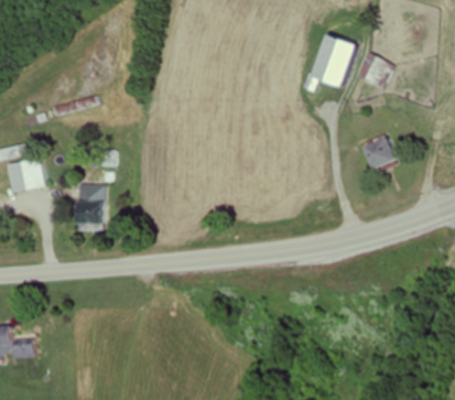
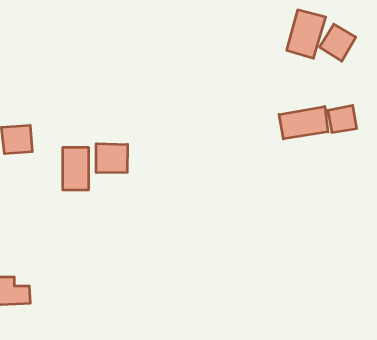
building: none -> [279,106,328,139]
building: none -> [96,144,128,173]

